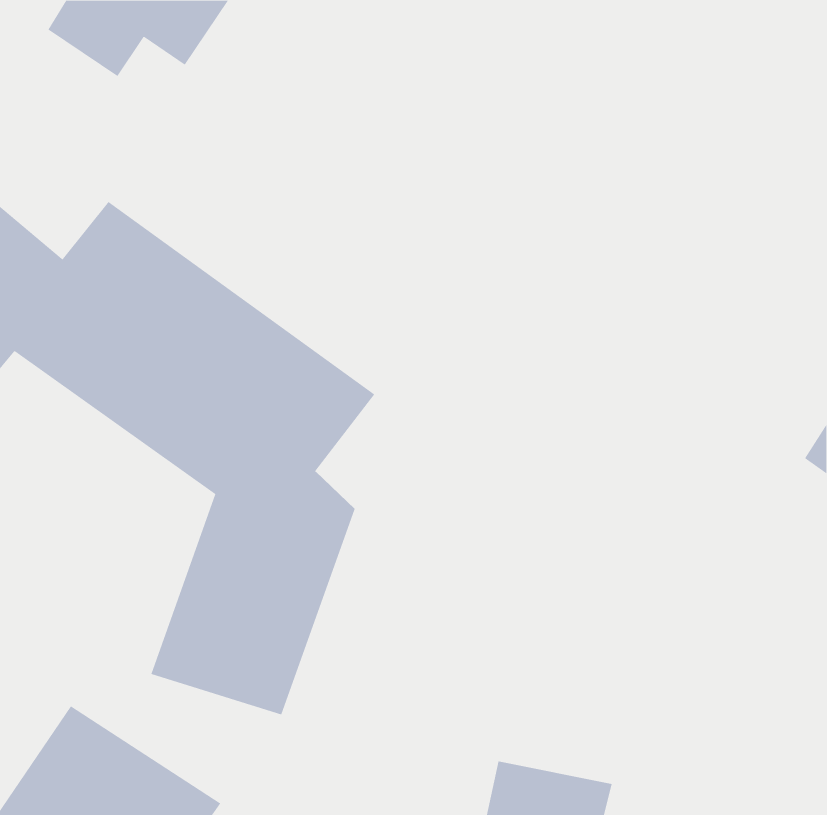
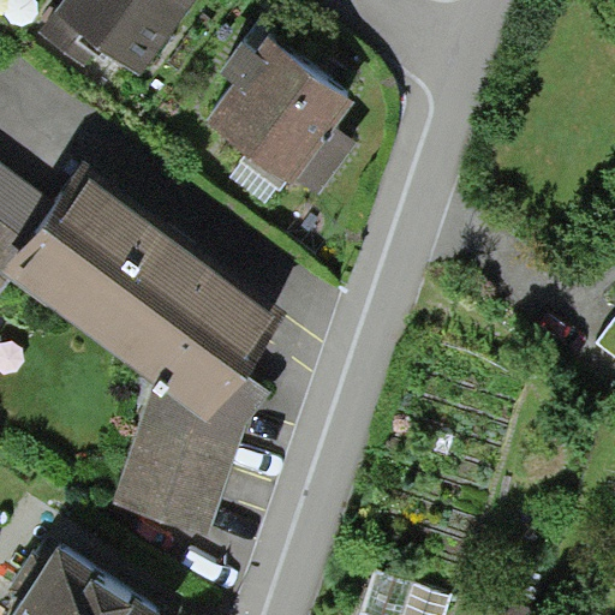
building: none -> [199,53,350,199]

